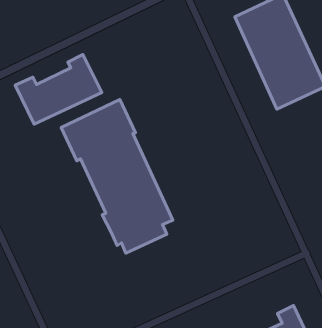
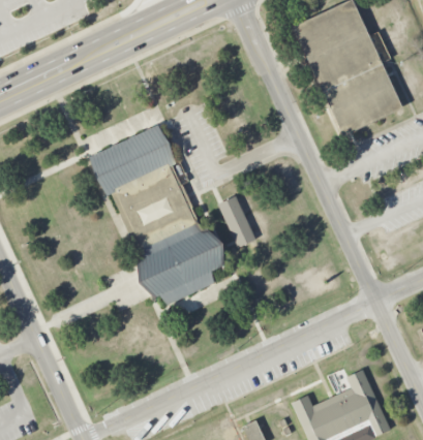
building: [15,55,102,124] -> none
building: none -> [218,196,255,248]

